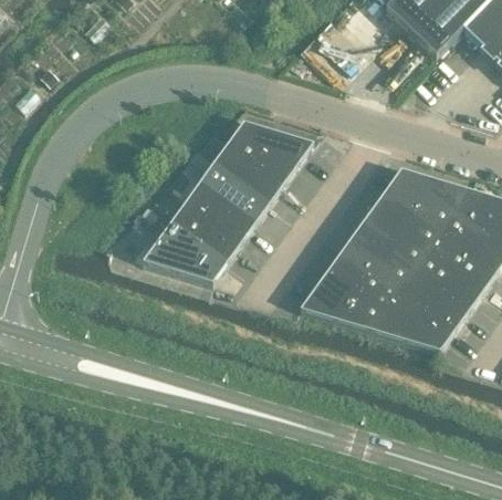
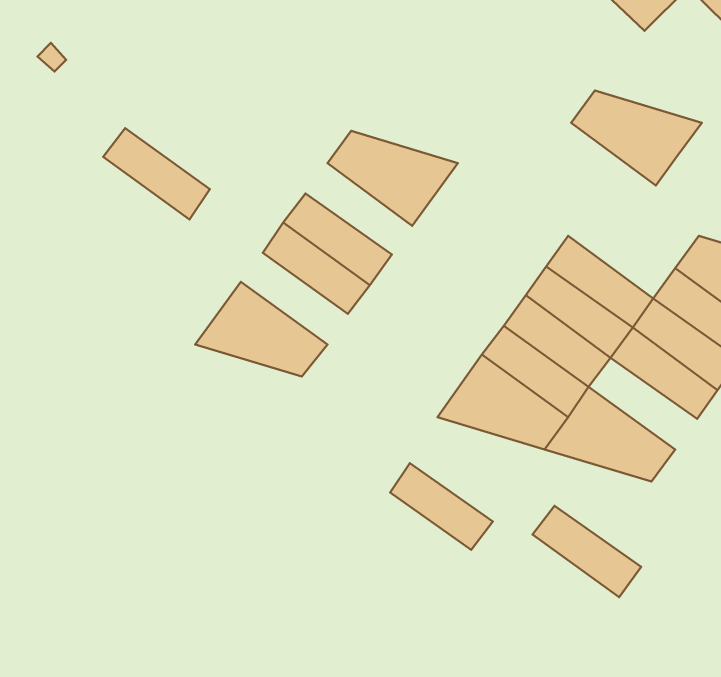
building: [215,142,284,201] -> none
building: [386,168,471,230] -> [571,91,702,186]
building: [172,200,242,260] -> [103,128,210,220]
building: [399,269,470,329] -> [533,506,641,597]
building: none -> [390,463,493,550]

